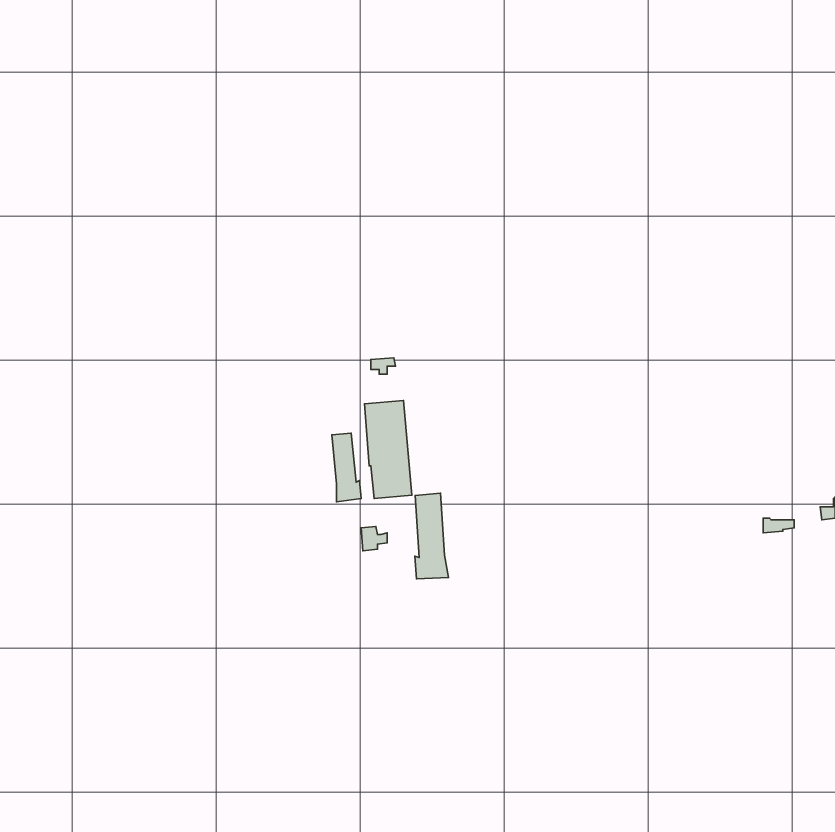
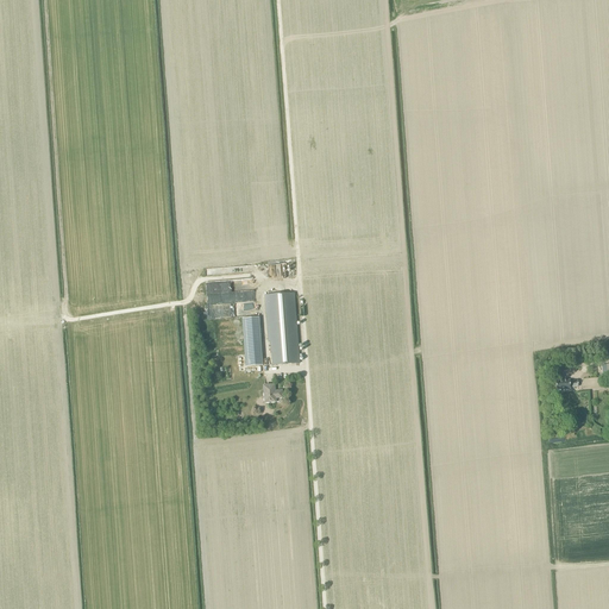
building: [415,493,448,579] -> none

